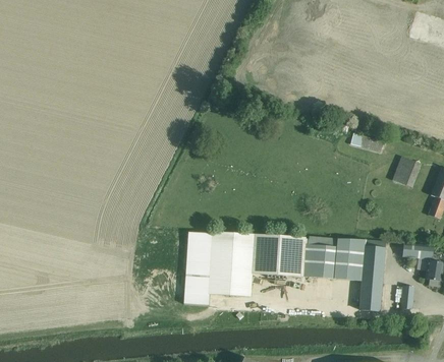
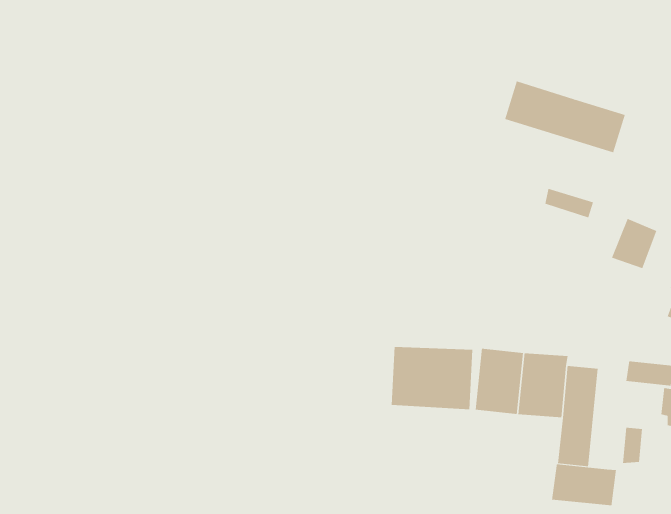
building: none -> [504,81,626,153]
building: [182,231,254,305] -> none
building: none -> [552,464,617,506]

